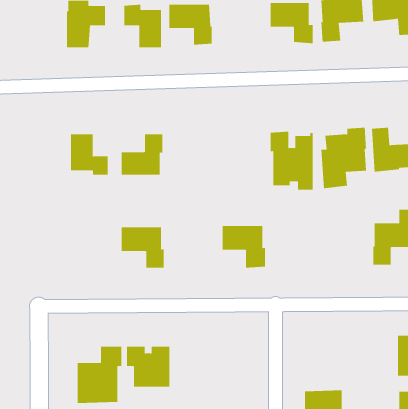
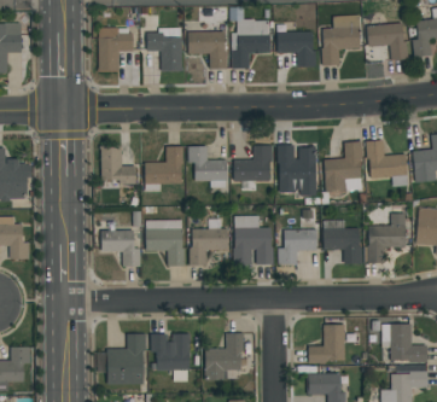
building: none -> [232,34,270,68]
building: none -> [234,144,273,181]
building: none -> [188,146,228,181]
building: none -> [190,227,228,264]
building: none -> [324,227,363,262]
building: none -> [101,229,140,266]
building: none -> [278,229,317,263]
building: none -> [309,324,346,363]
building: none -> [205,332,245,379]

